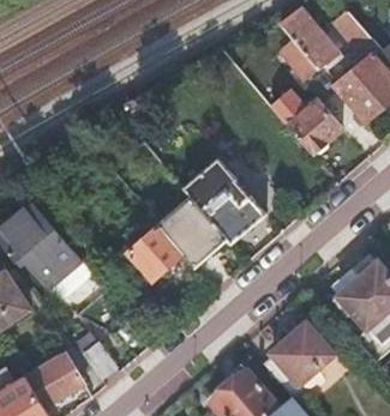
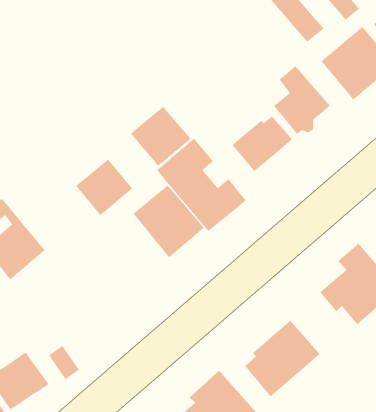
building: none -> [130,106,191,167]
building: none -> [232,115,293,172]
building: [131,224,184,277] -> [75,158,133,216]

